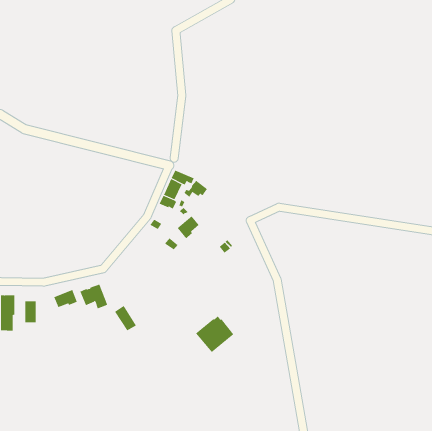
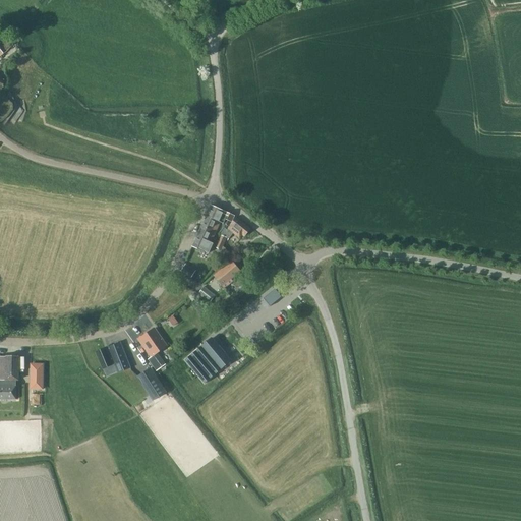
building: none -> [137,328,167,370]
building: [54,289,78,308] -> none
building: [195,316,234,353] -> [184,338,231,383]

